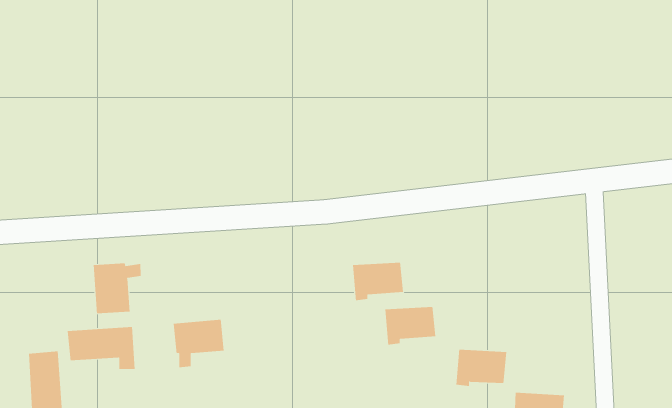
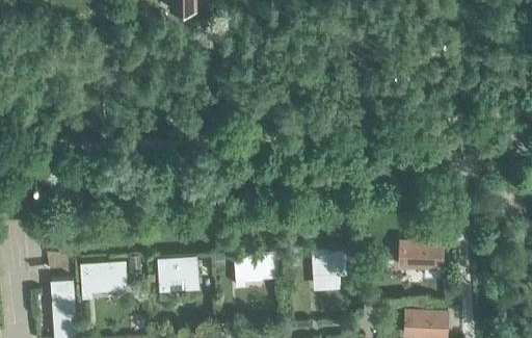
building: [352,262,404,301] -> [234,256,271,284]
building: [93,263,141,314] -> none
building: [455,349,507,386] -> [399,243,436,270]

